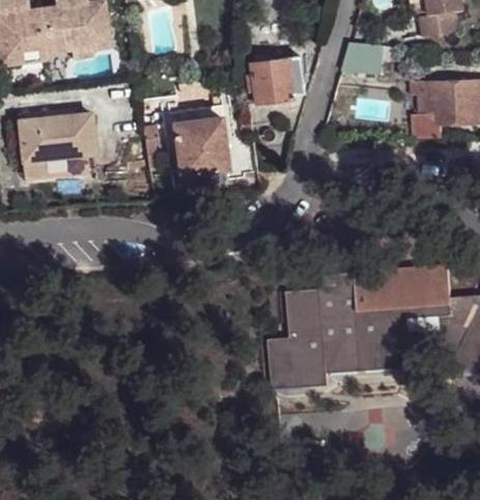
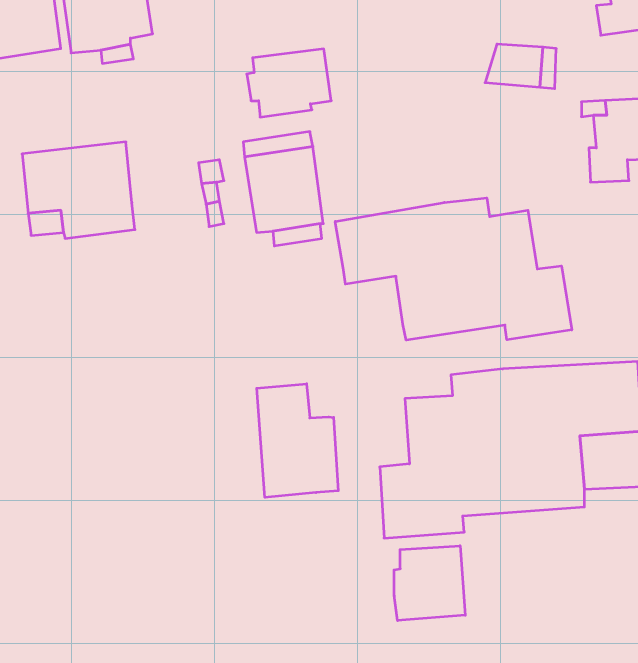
building: [245,56,304,104] -> [247,49,331,117]
building: none -> [335,198,572,340]
building: none -> [257,384,338,497]
building: none -> [394,546,465,621]

